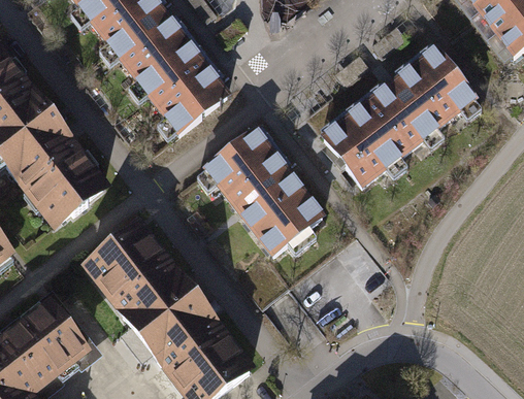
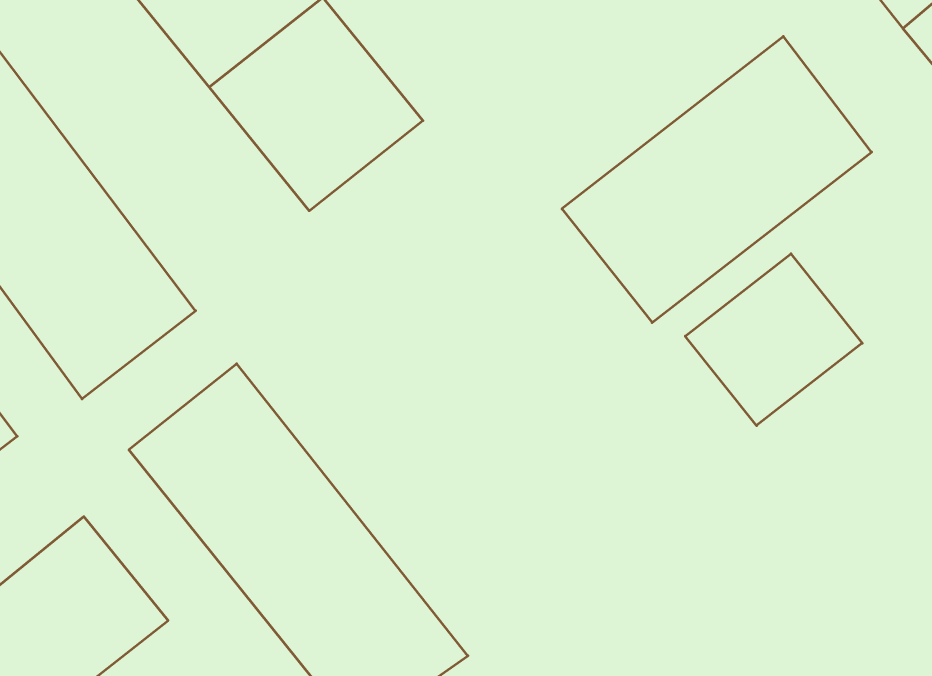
building: [201,124,329,257] -> none
building: none -> [685,254,862,426]

